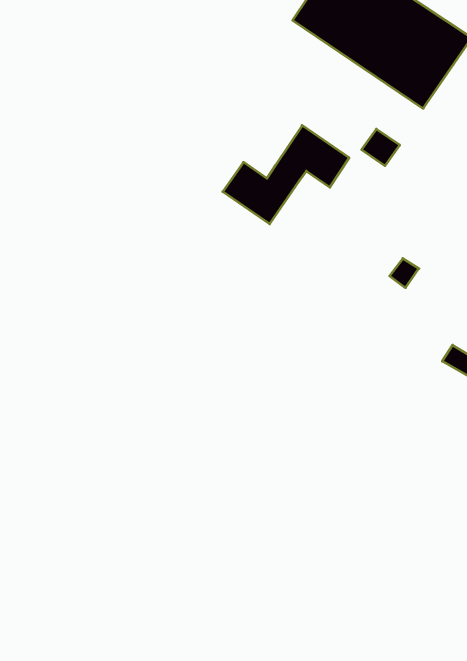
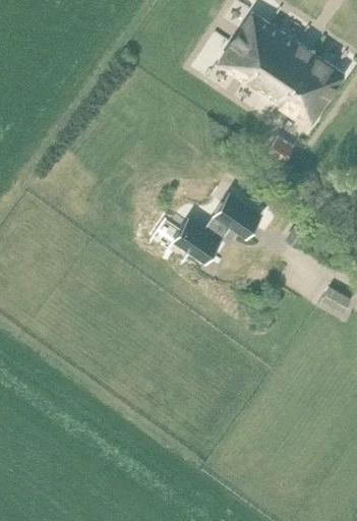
building: [223,125,349,224] -> [172,192,259,260]

